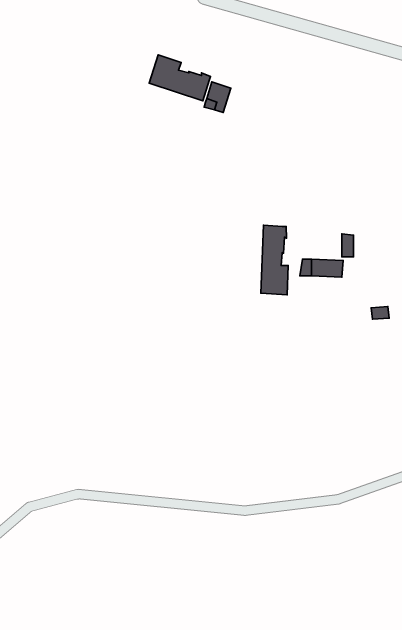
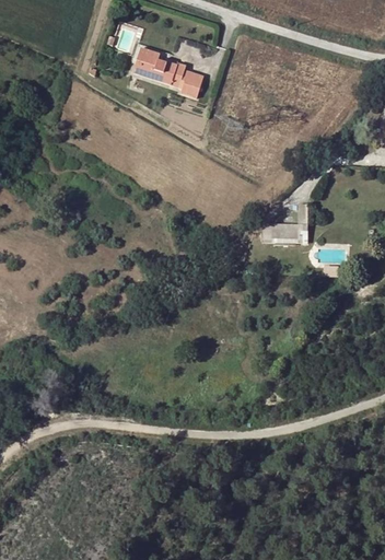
building: [261,225,288,295] -> none

